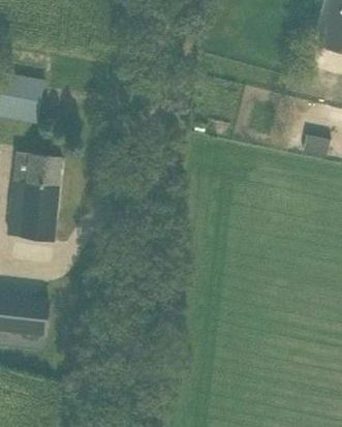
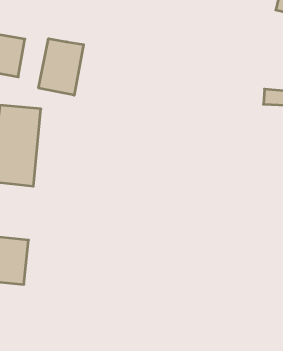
building: none -> [39,39,84,95]

